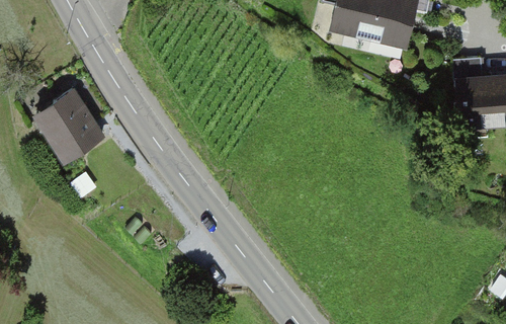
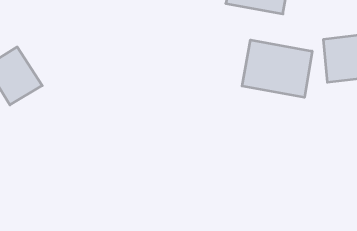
building: none -> [242,40,312,97]

